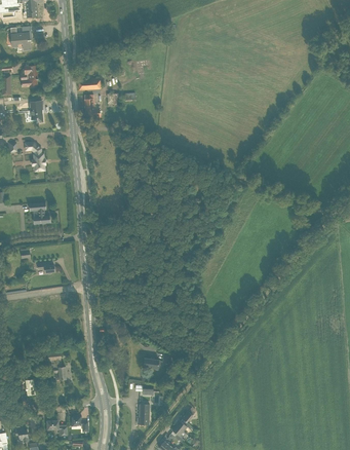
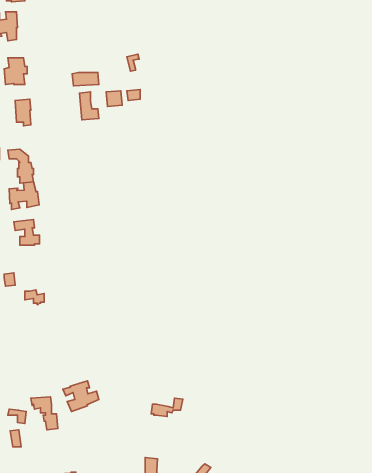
building: none -> [9,182,39,209]
building: none -> [63,381,99,411]

